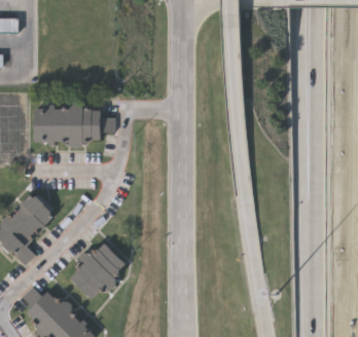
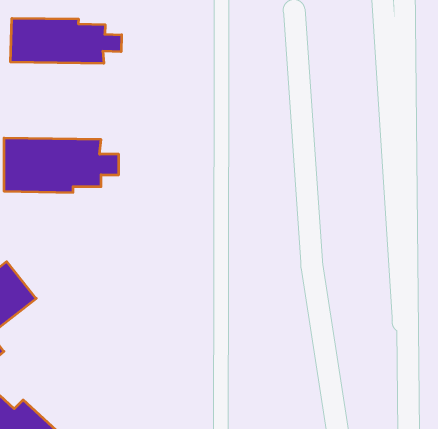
building: none -> [11,18,122,63]
building: [67,241,124,302] -> none

